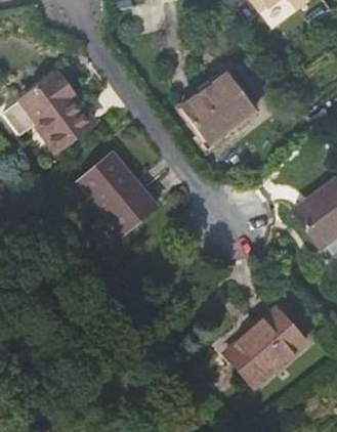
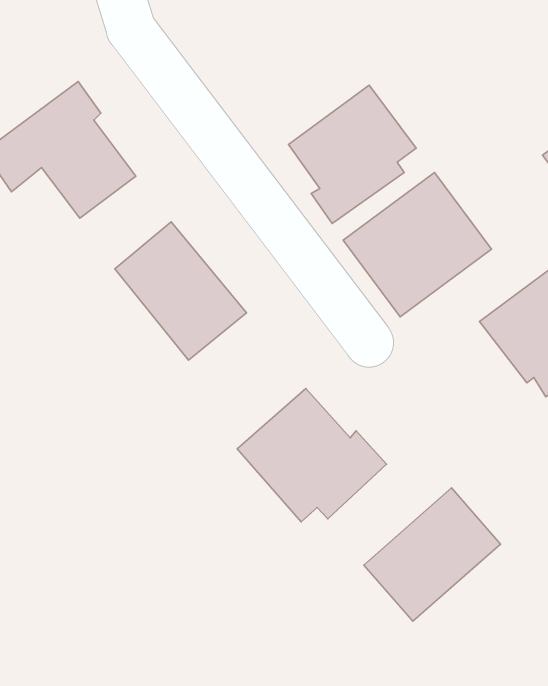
building: none -> [343,172,492,317]
building: none -> [237,388,387,522]

